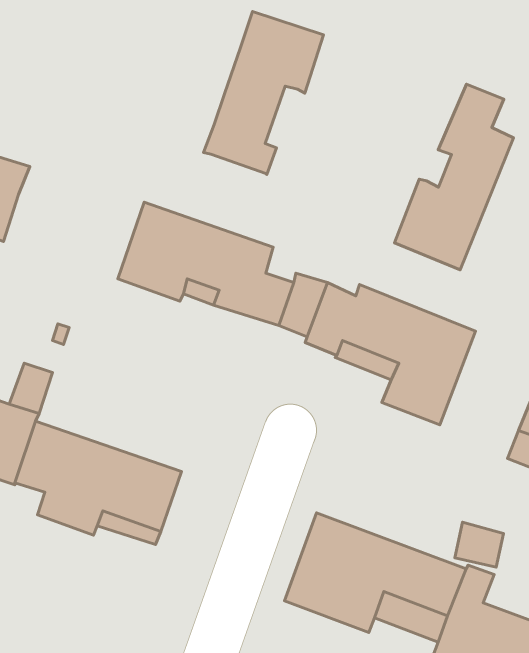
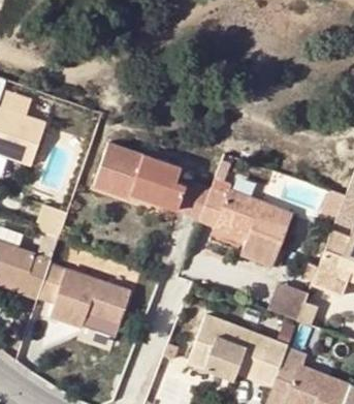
building: [204,11,323,175] -> none
building: [394,84,513,270] -> none
building: none -> [270,279,312,319]

